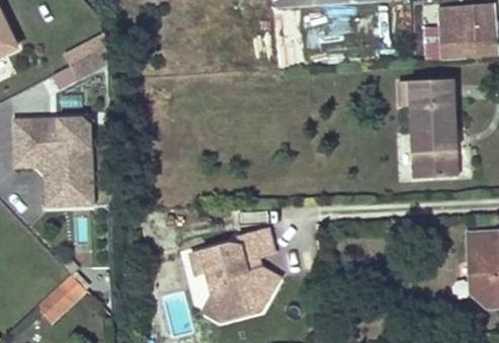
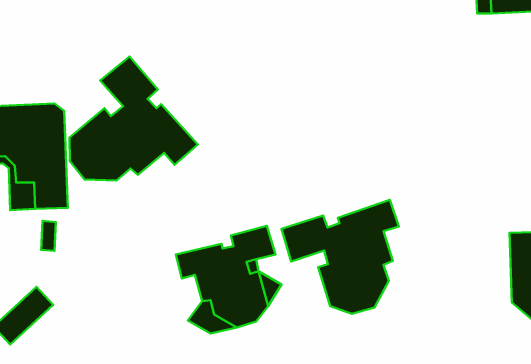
building: none -> [70,57,198,181]
building: [398,80,459,179] -> none
building: none -> [281,200,399,314]

